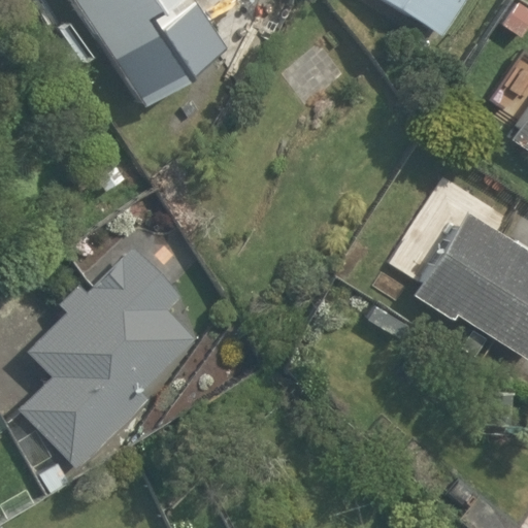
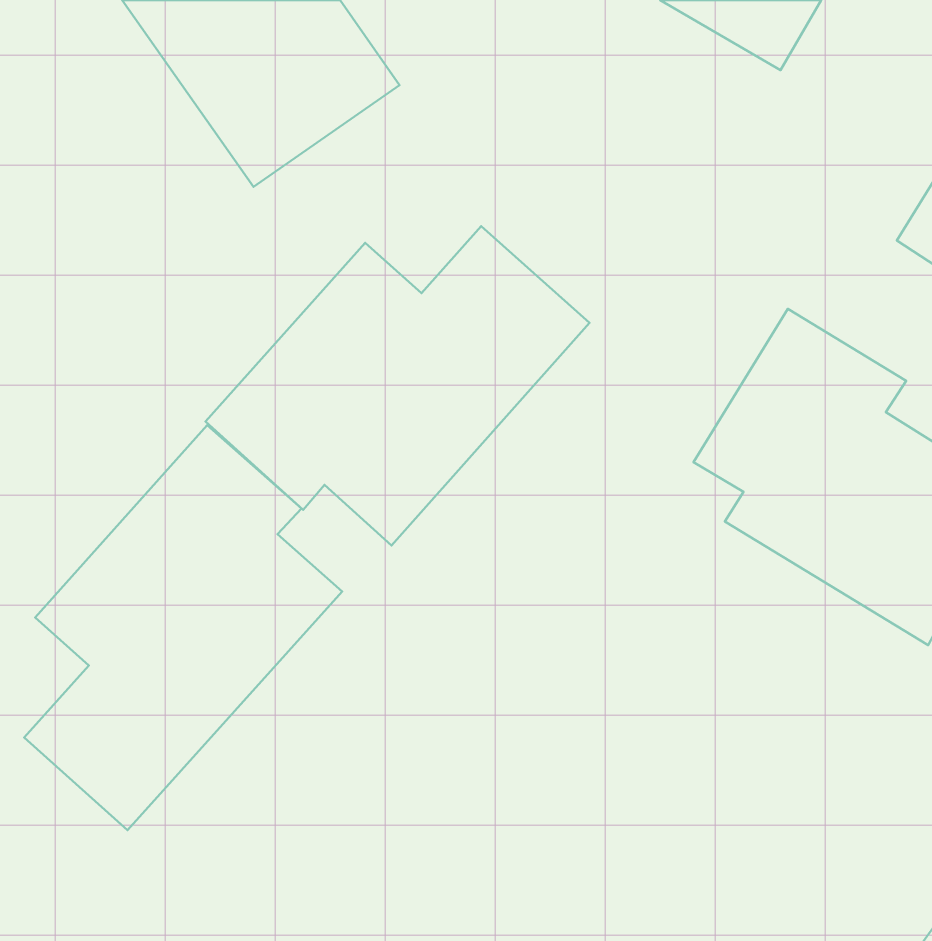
building: none -> [205,226,589,545]

